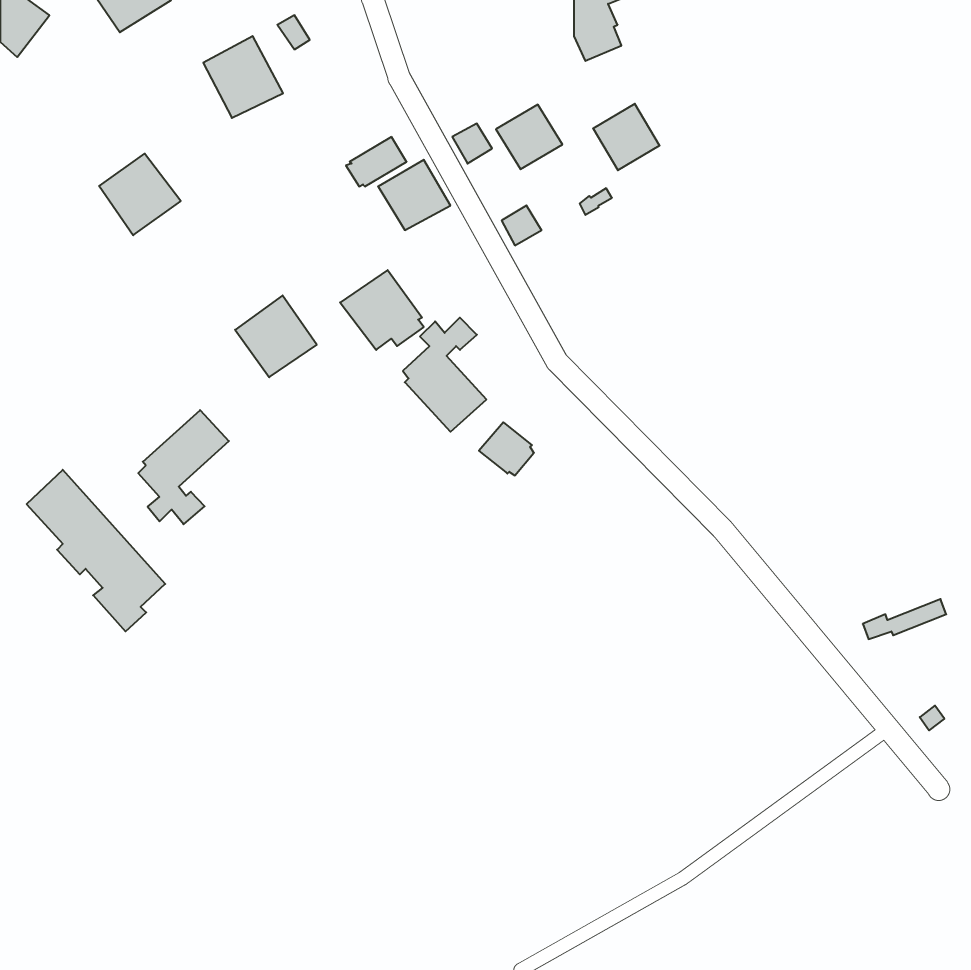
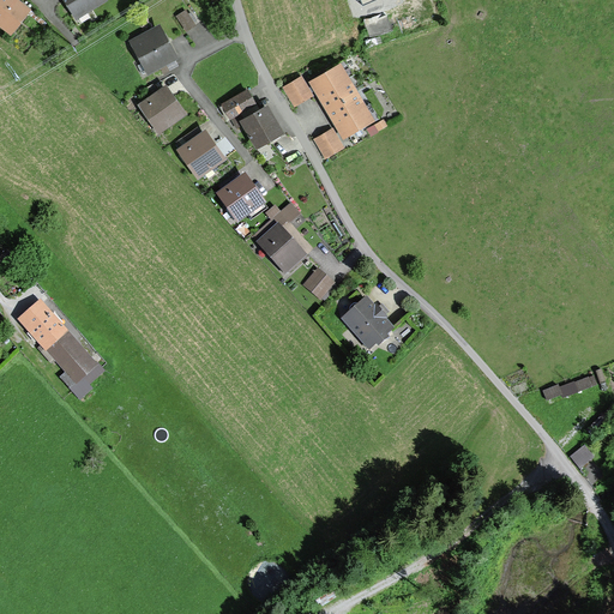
building: [593,104,660,170] -> [329,91,371,133]
building: [99,154,181,235] -> [137,82,188,133]
building: [235,295,317,377] -> [175,125,227,176]
building: [138,410,229,524] -> none
building: none -> [341,294,395,349]

